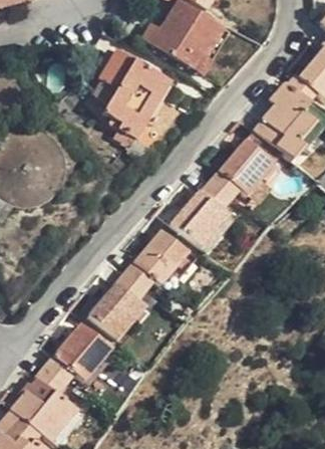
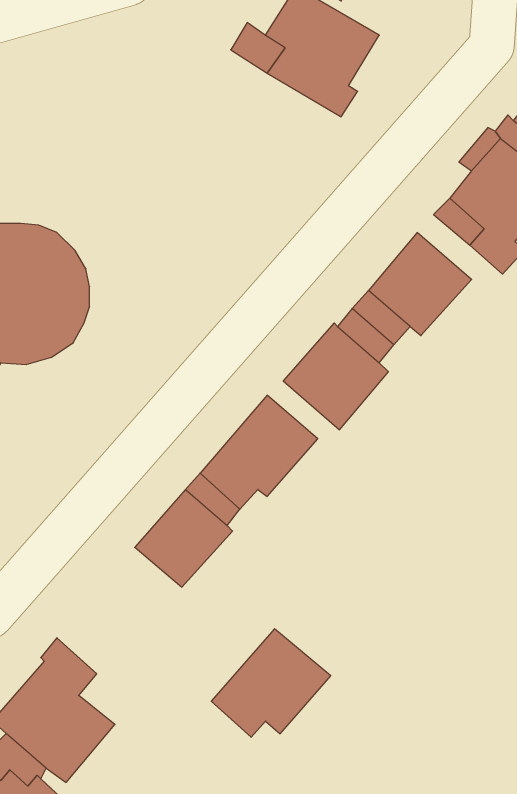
building: [94,47,173,138] -> none
building: [47,321,113,382] -> [211,629,331,737]

